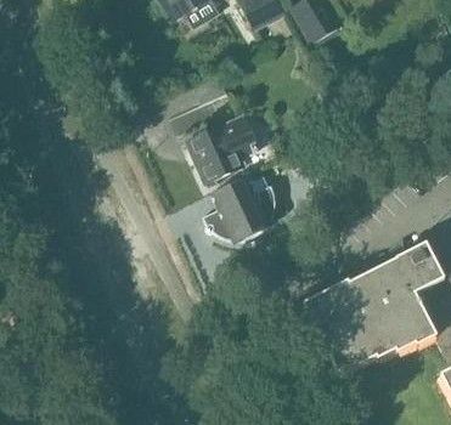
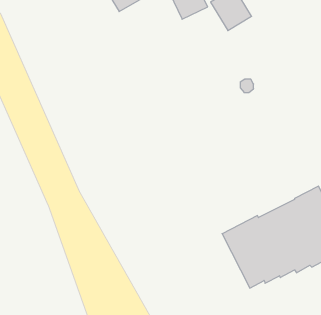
building: [188,114,259,180] -> none
building: [203,180,276,238] -> none

